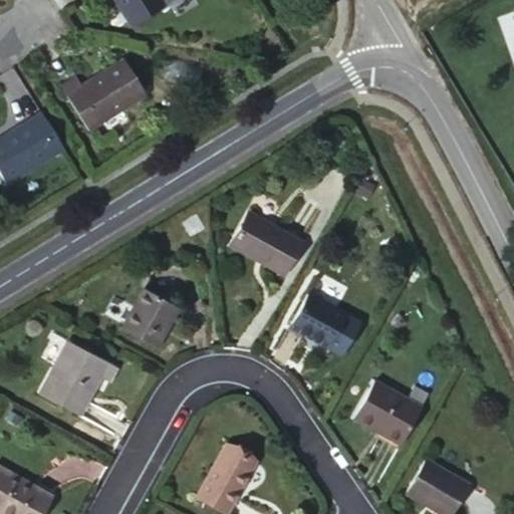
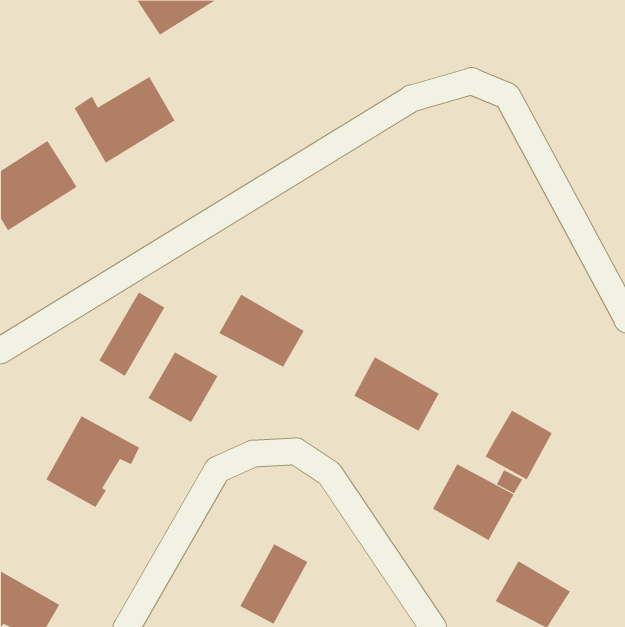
building: [232,212,302,272] -> [219,294,305,368]
building: none -> [99,292,165,377]
building: none -> [485,410,552,480]

